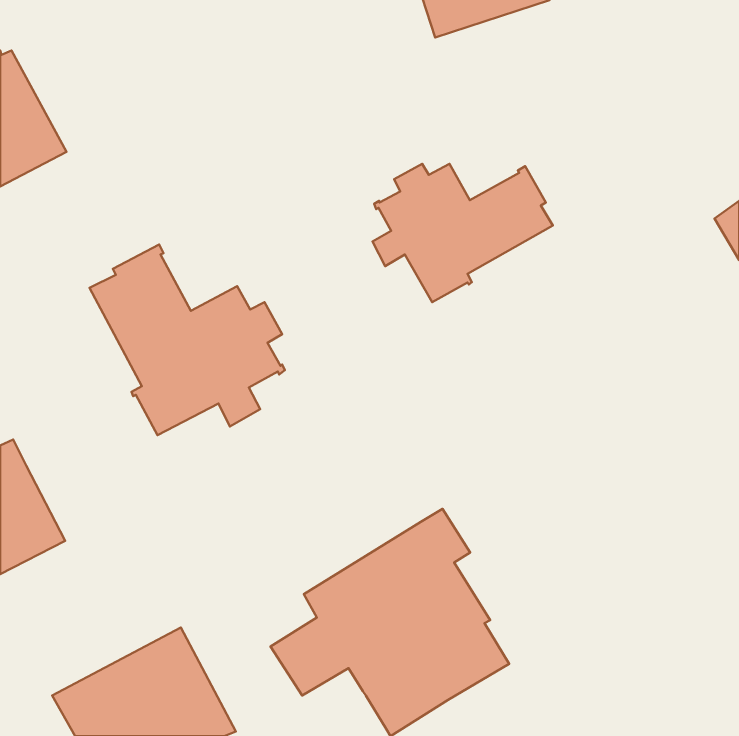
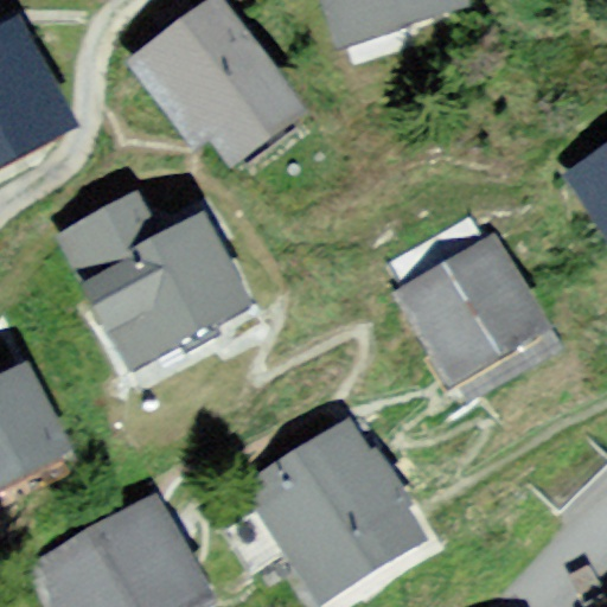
building: none -> [141,18,287,153]
building: [372,164,553,302] -> none
building: none -> [407,250,532,372]

